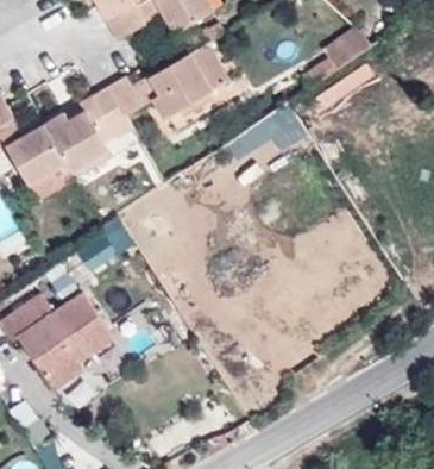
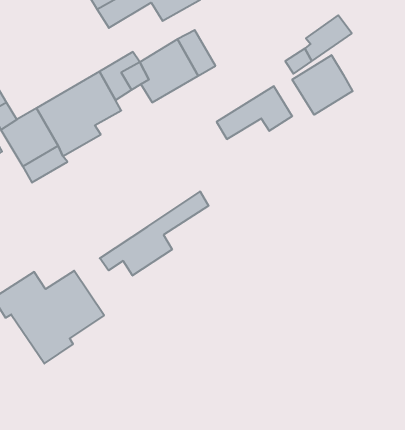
building: none -> [292,55,353,115]
building: none -> [100,191,209,276]

